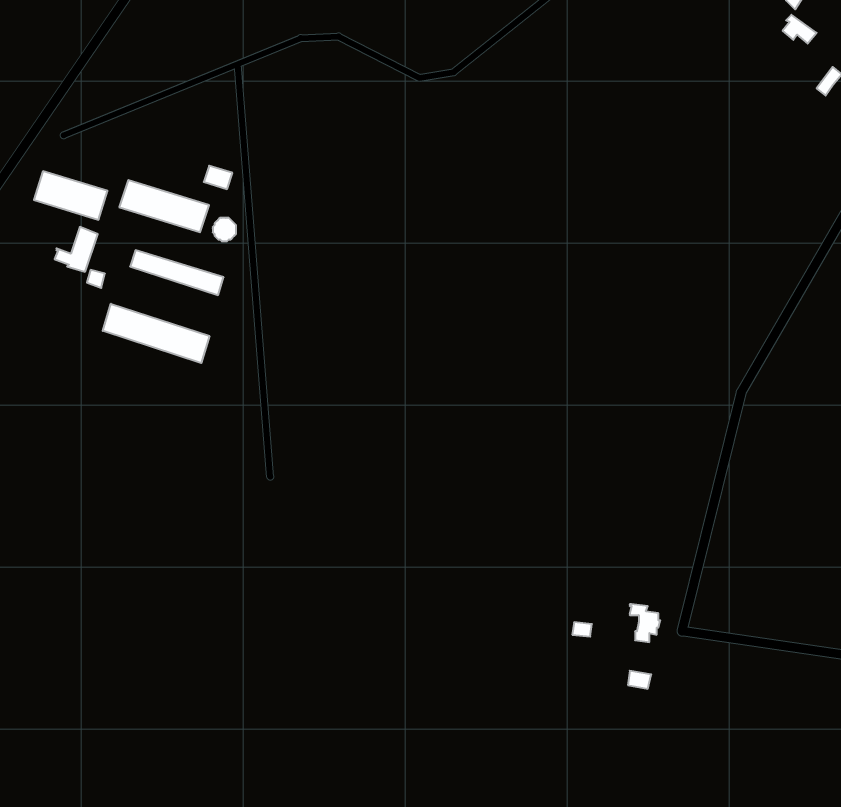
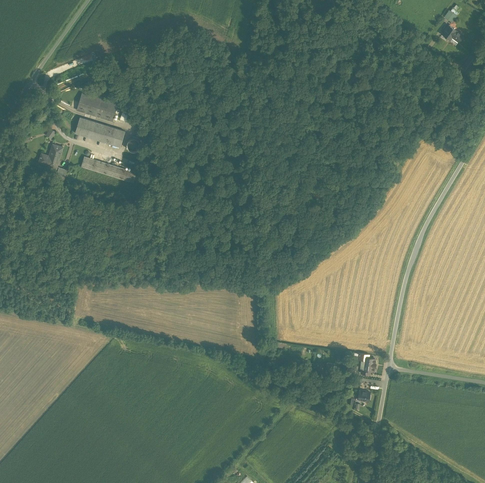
building: [34,171,108,220] -> [76,93,117,120]
building: [103,304,209,363] -> none

